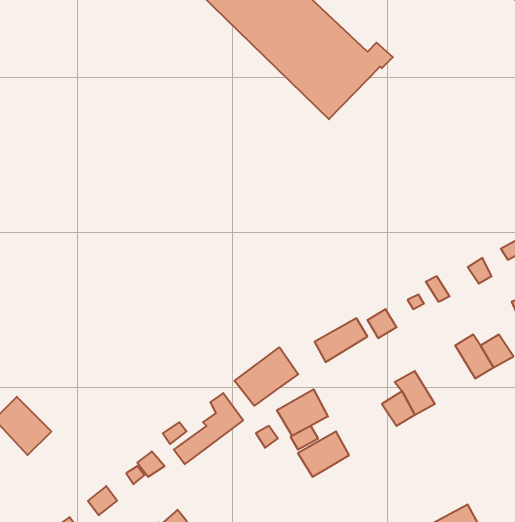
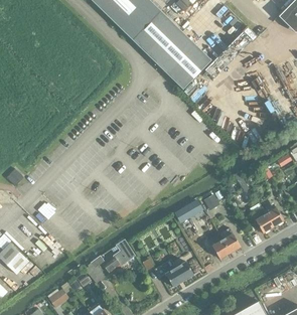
building: [234,347,298,406] -> none
building: [277,389,328,436] -> none

